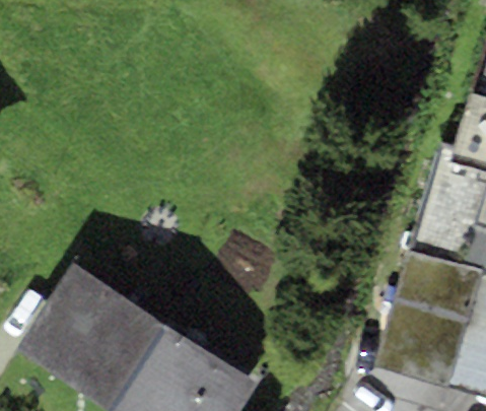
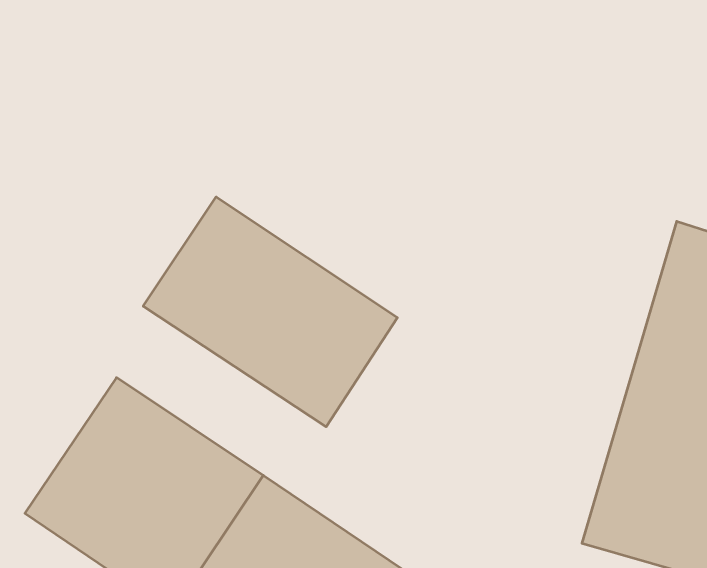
building: none -> [143,197,397,427]

